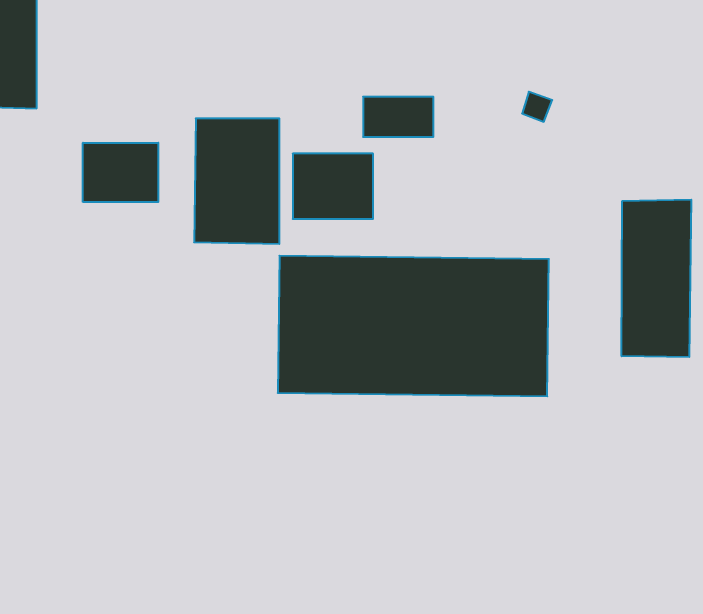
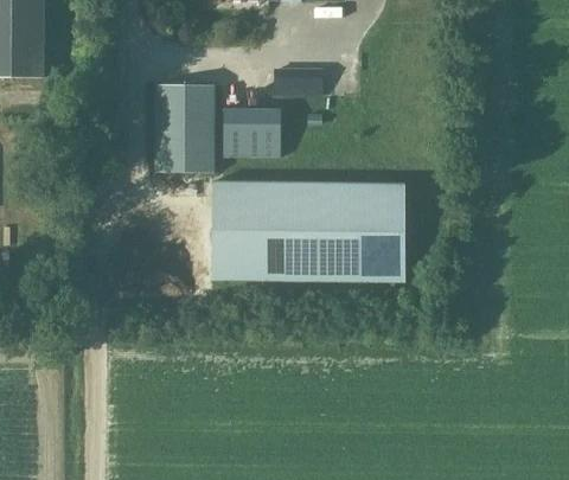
building: [83,143,158,202] -> none
building: [622,200,691,357] -> none

